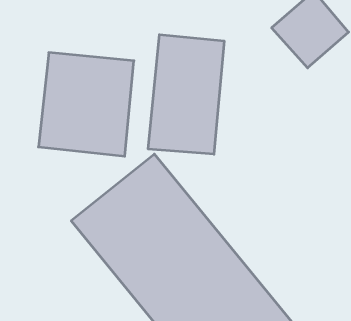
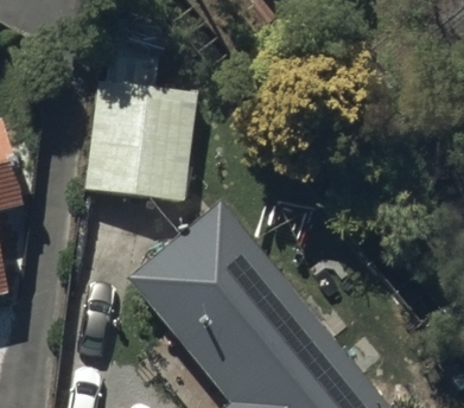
building: [148,35,224,154] -> none

